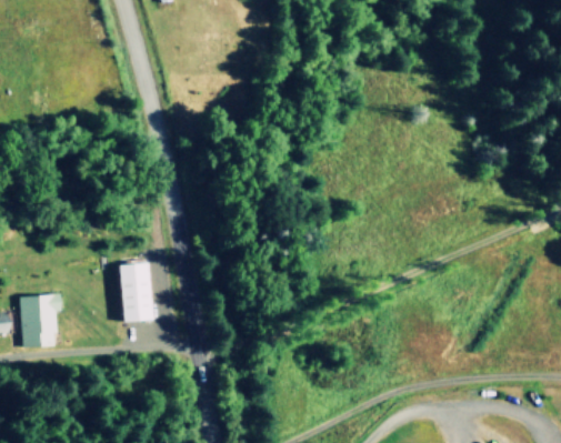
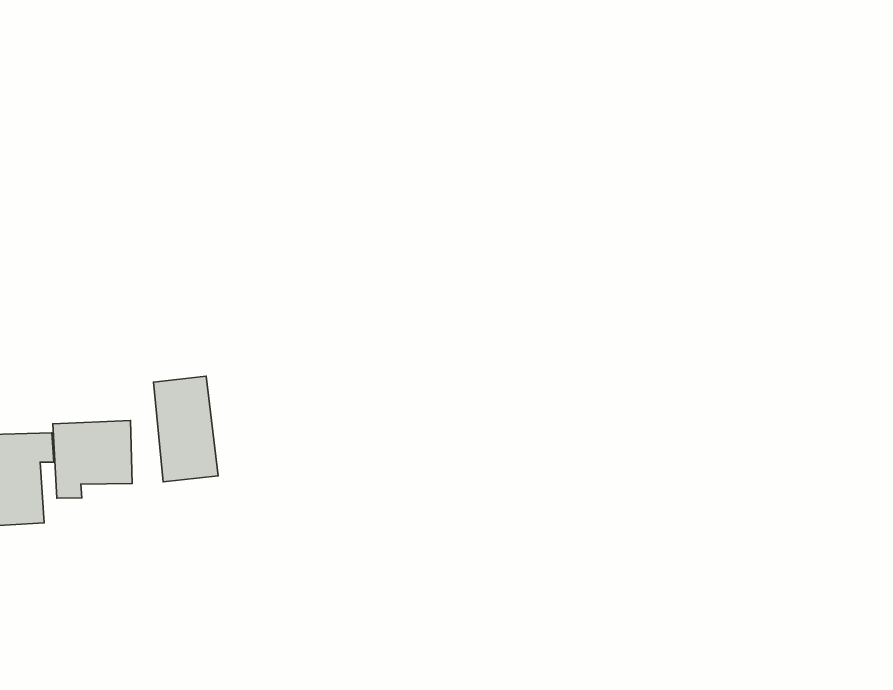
building: none -> [53,420,132,498]

